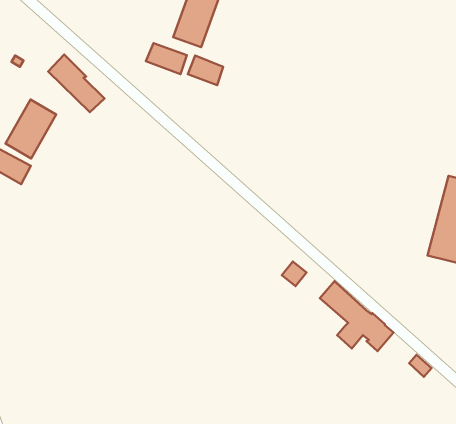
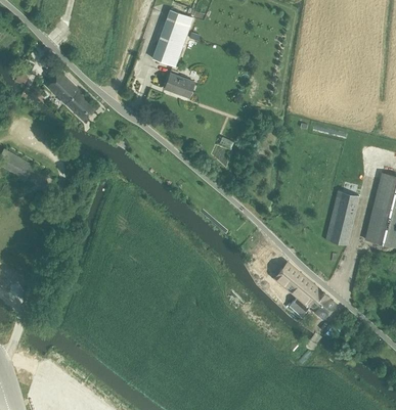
building: [146,43,187,74] -> none
building: [6,100,56,158] -> none
building: none -> [325,190,358,244]

